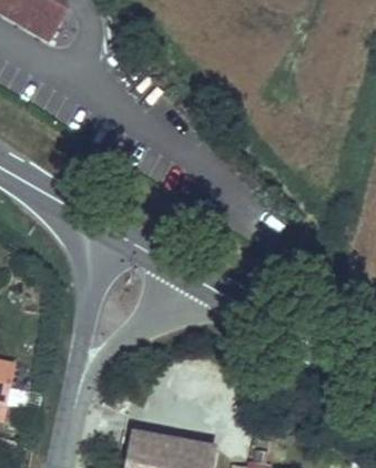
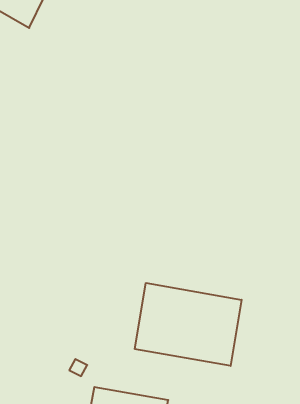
building: none -> [135,283,242,366]

